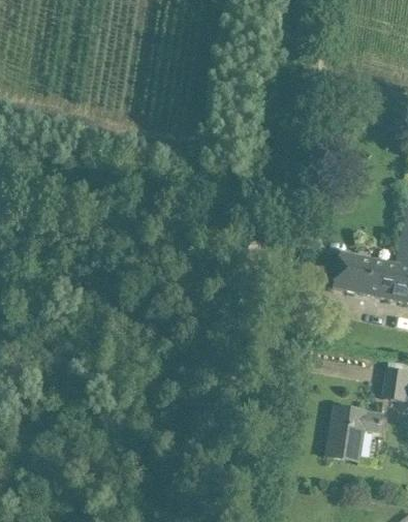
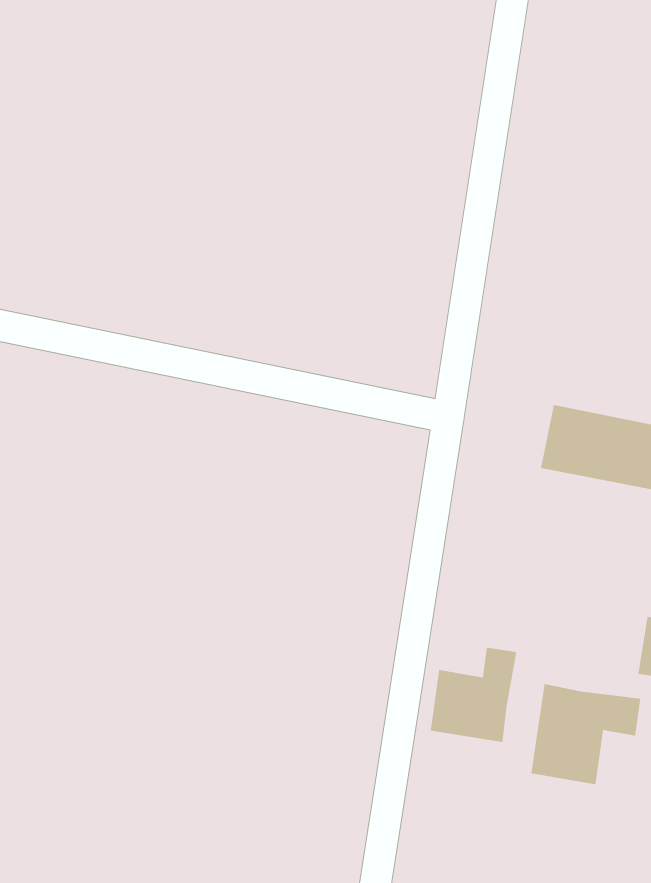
building: none -> [430,647,517,743]

